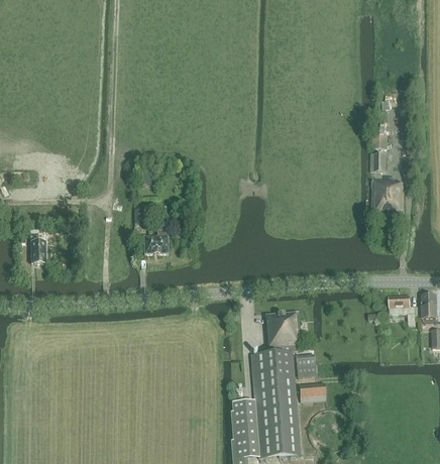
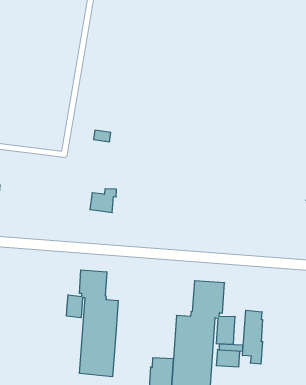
building: none -> [67,270,118,377]
building: none -> [243,310,263,364]

